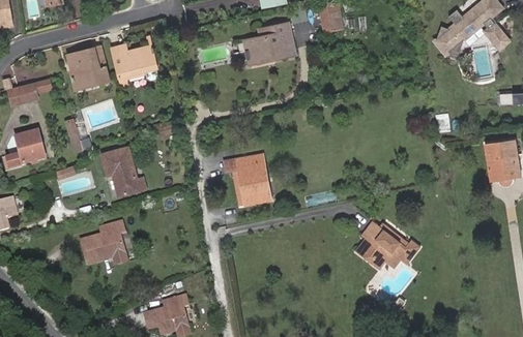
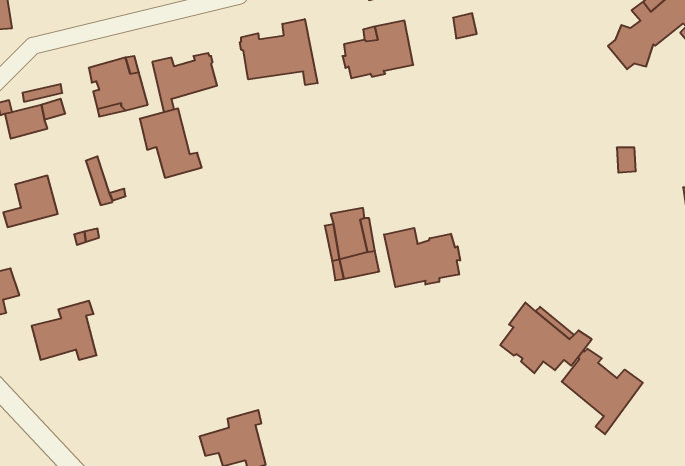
building: none -> [240,19,318,85]
building: [101,147,145,195] -> [140,108,202,178]
building: none -> [384,228,460,287]
building: [81,222,126,264] -> [32,301,97,360]
building: none -> [562,349,643,434]

